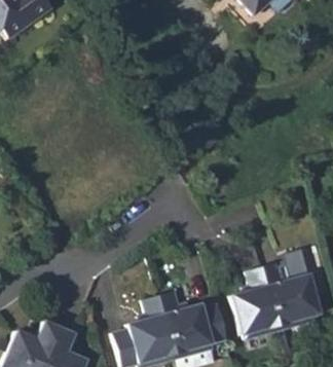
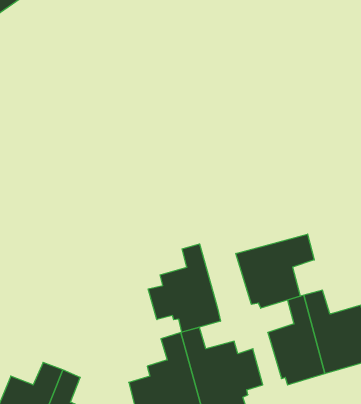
building: none -> [236,234,314,308]
building: none -> [148,244,220,332]

